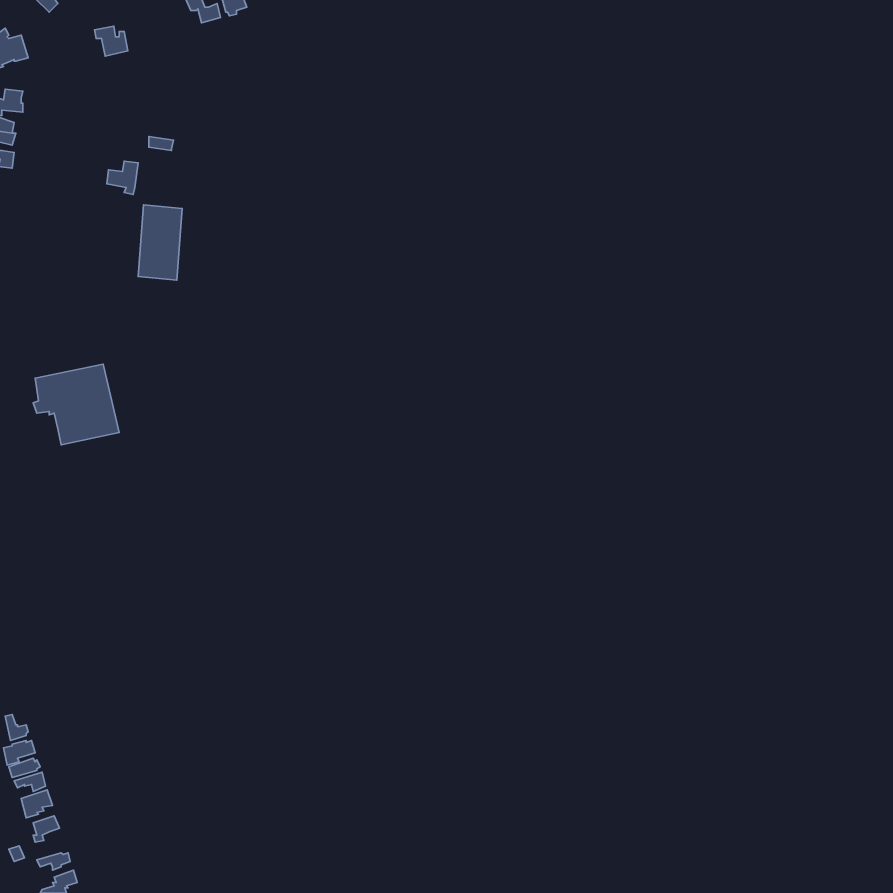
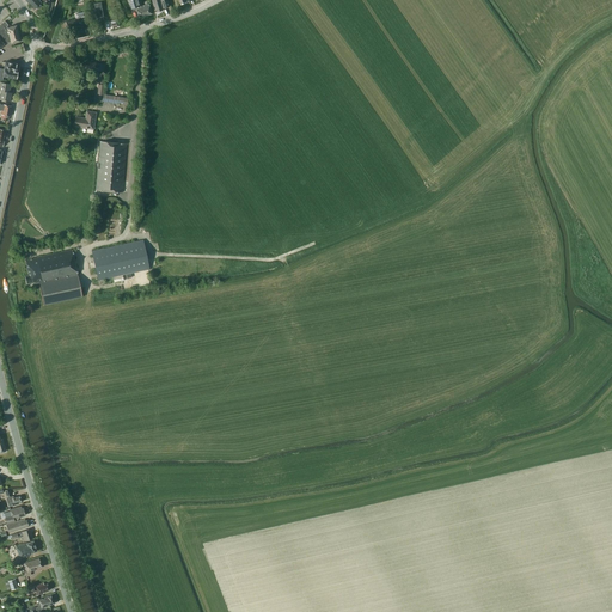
building: none -> [90,239,148,280]

